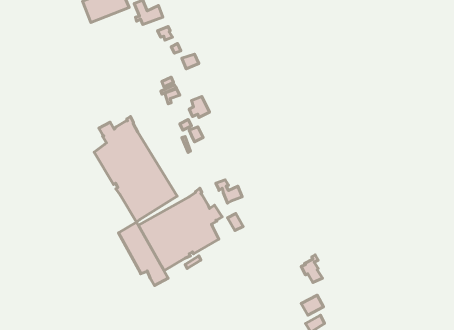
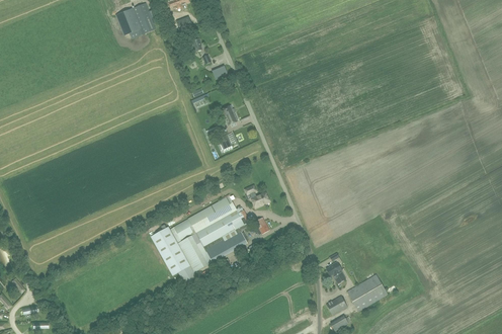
building: [94,116,177,222] -> none
building: none -> [346,274,387,311]

